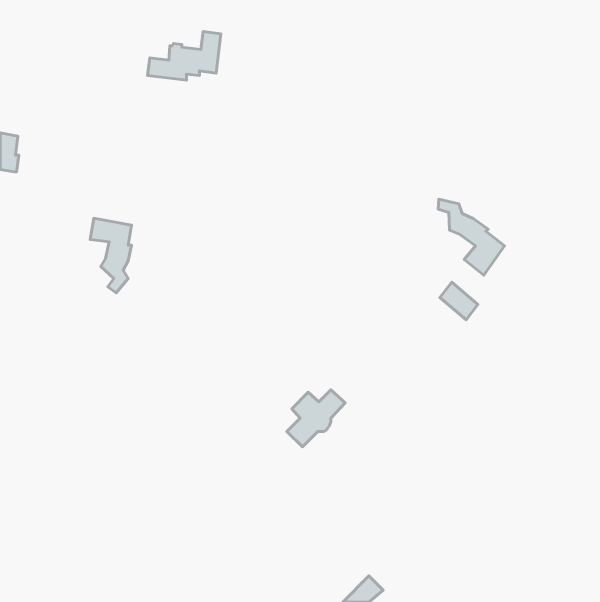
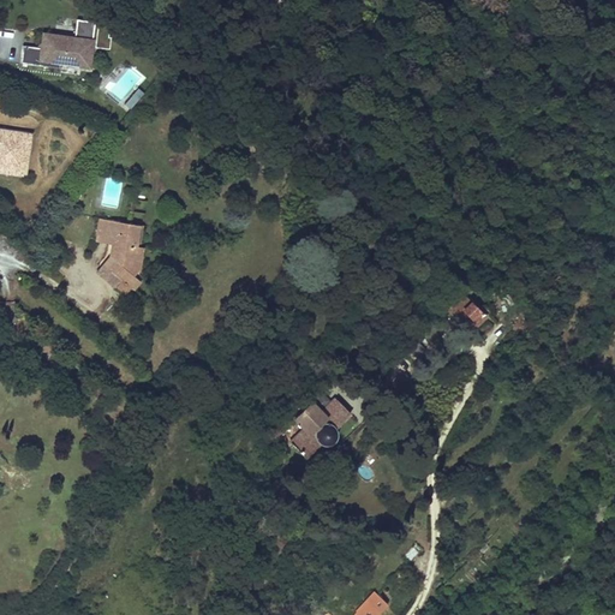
building: [147,32,221,80] -> [18,20,92,70]
building: [438,199,505,275] -> none

